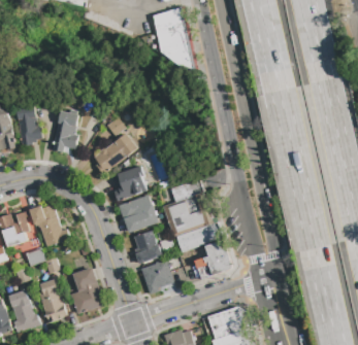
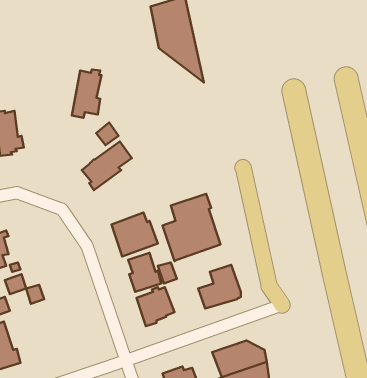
building: [53,109,78,151] -> [72,69,101,118]
building: [110,166,147,201] -> none
building: [29,204,69,246] -> none
building: [175,221,223,252] -> none
building: [70,267,104,314] -> none
building: [36,279,66,321] -> none

